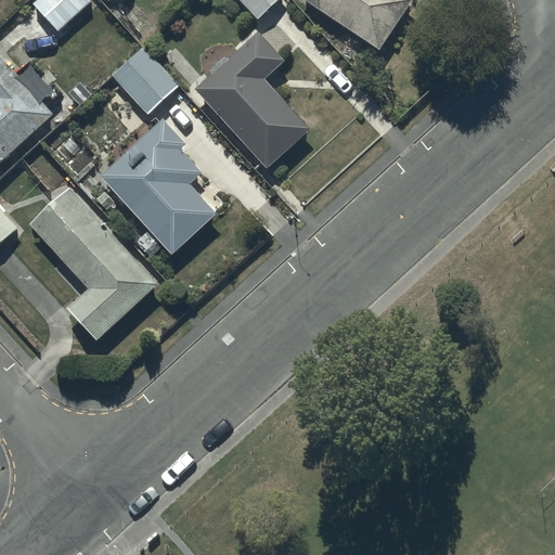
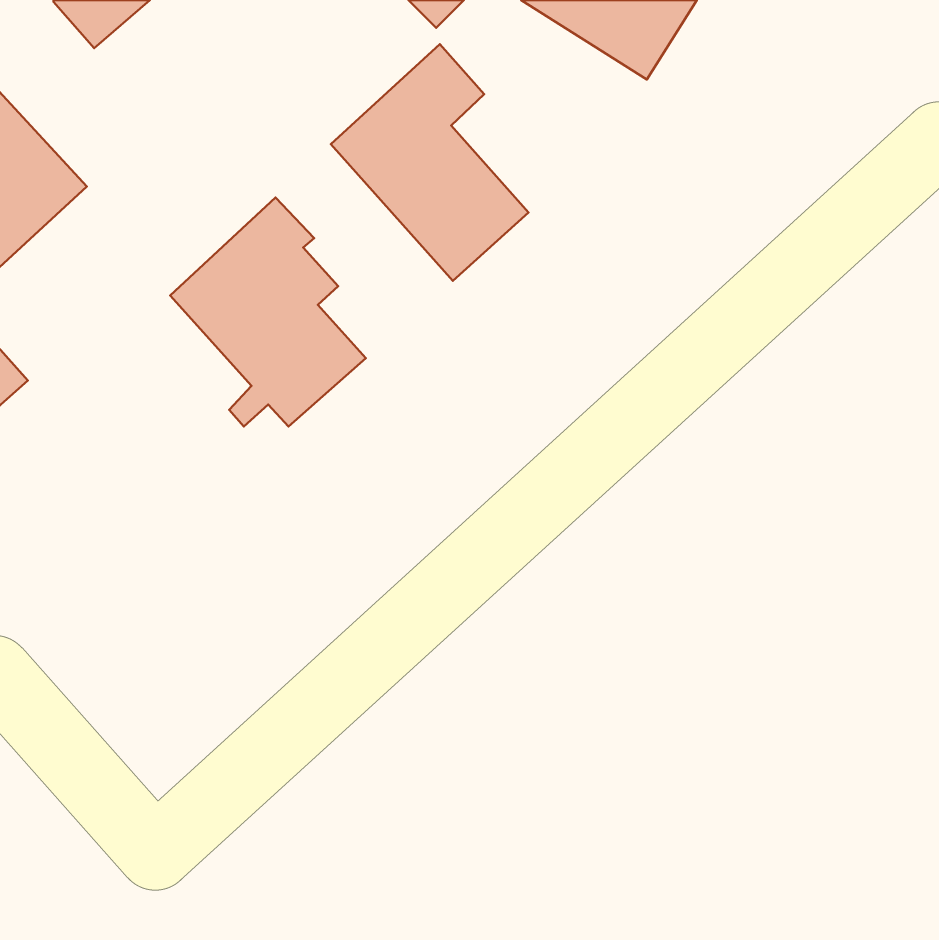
building: [105,47,176,117] -> none
building: [29,185,157,338] -> none

